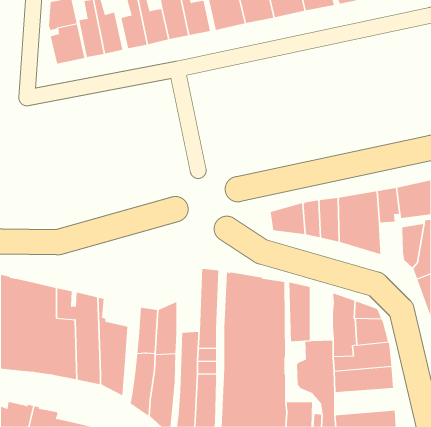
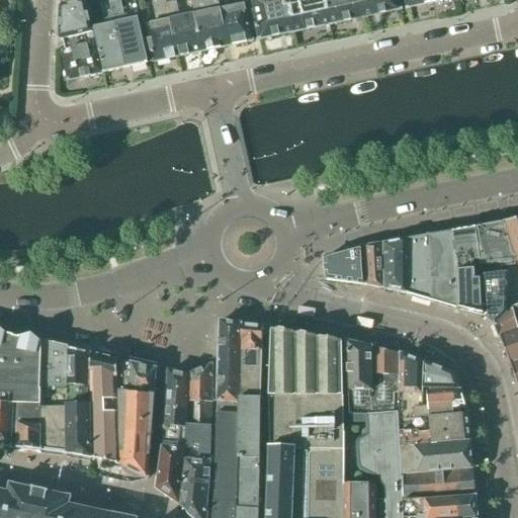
building: none -> [455,266,484,312]
building: none -> [218,318,242,399]
building: none -> [372,344,400,409]
building: none -> [123,358,156,392]
building: none -> [402,465,474,498]

